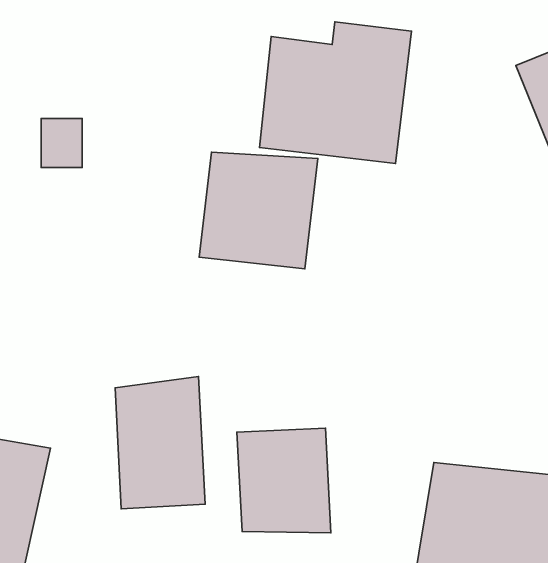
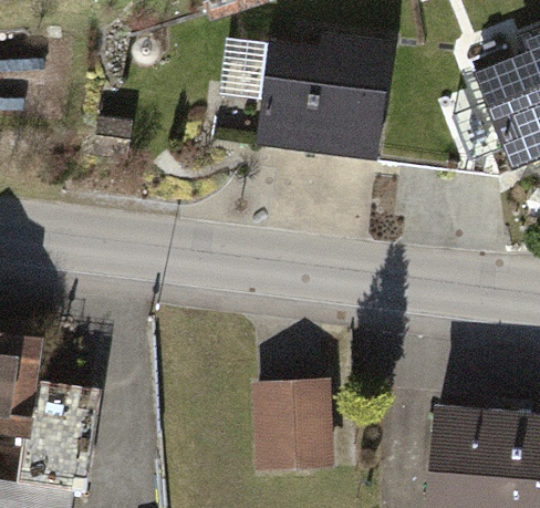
building: [199,152,318,269] -> none
building: [115,376,205,509] -> none

